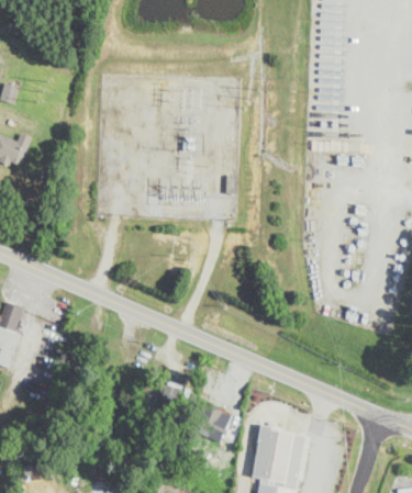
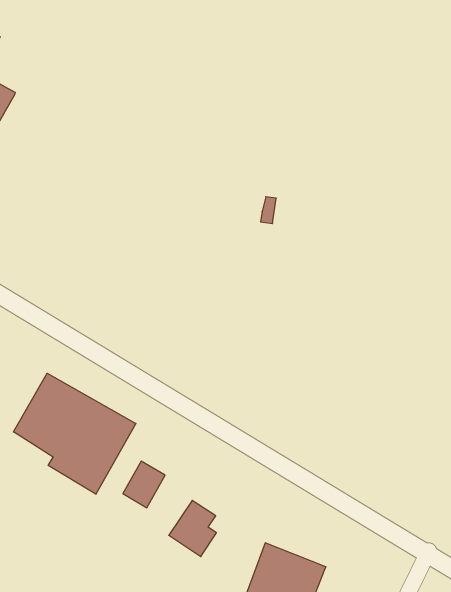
building: none -> [13,373,136,494]

